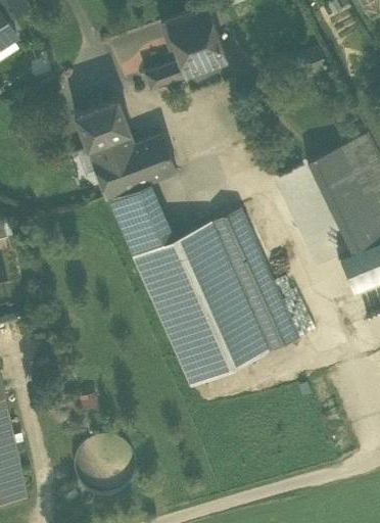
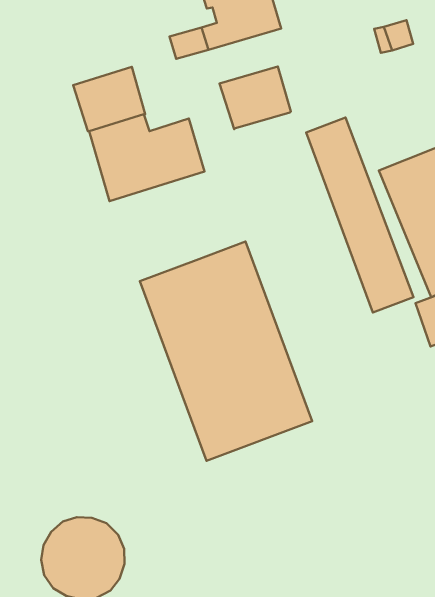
building: none -> [220,66,291,129]
building: [108,183,176,257] -> none
building: [211,209,299,353] -> [306,117,413,312]

